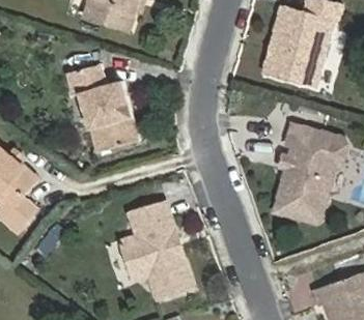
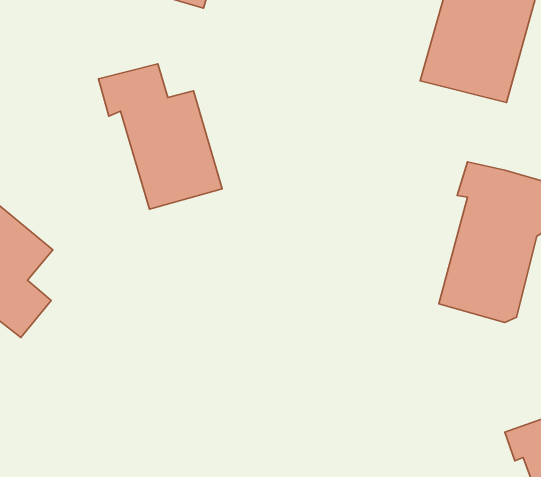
building: [118,200,193,300] -> none

